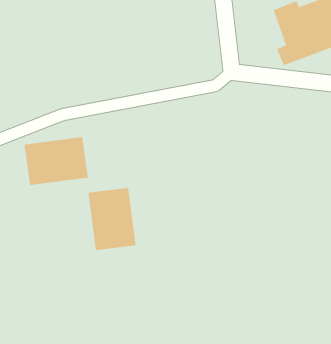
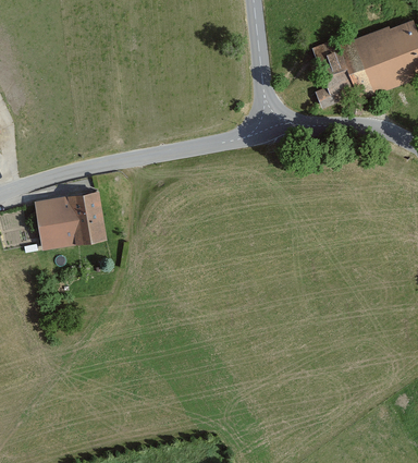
building: [88,187,136,251] -> none

